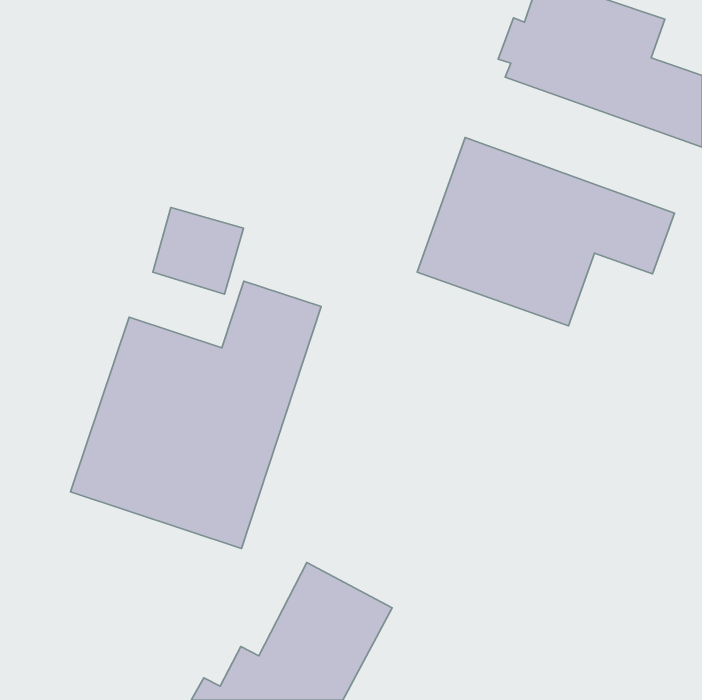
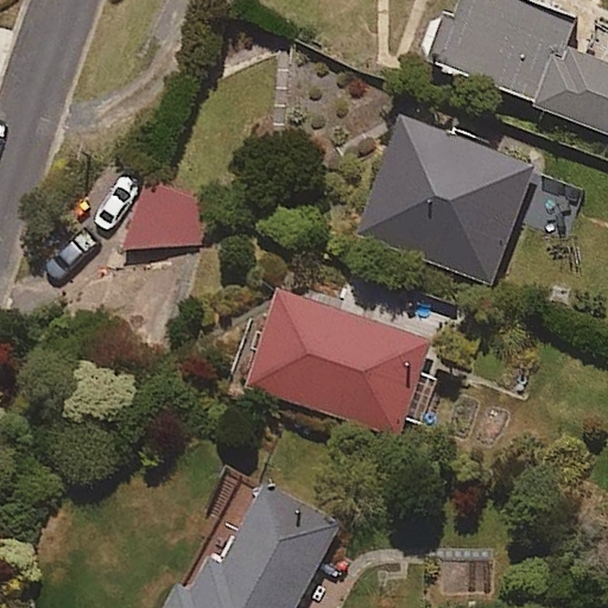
building: [70,281,321,549] -> none
building: none -> [243,292,437,436]

